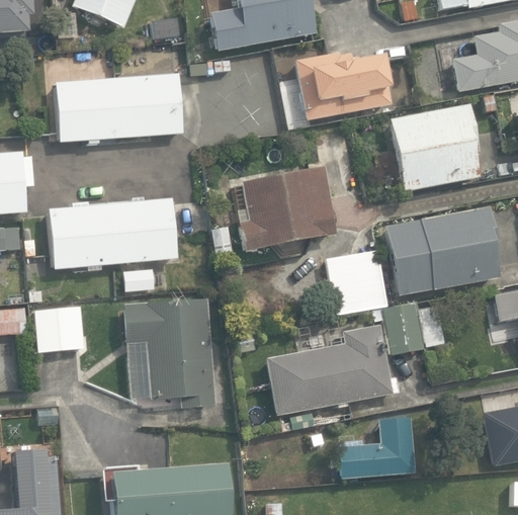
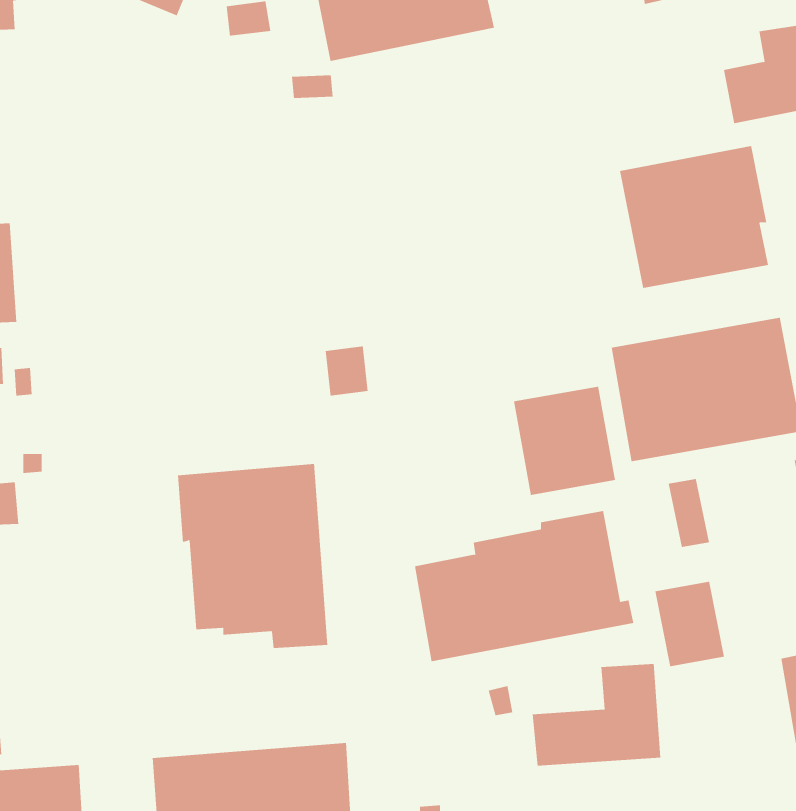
building: [295,52,390,118] -> none
building: [56,73,184,143] -> none
building: [239,166,335,252] -> none
building: [50,195,178,270] -> none
building: [382,303,425,354] -> [654,581,725,667]
building: [35,306,85,351] -> none

